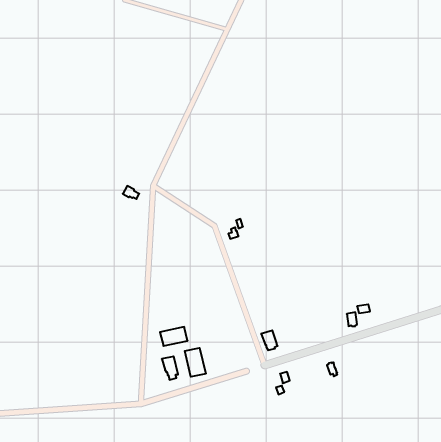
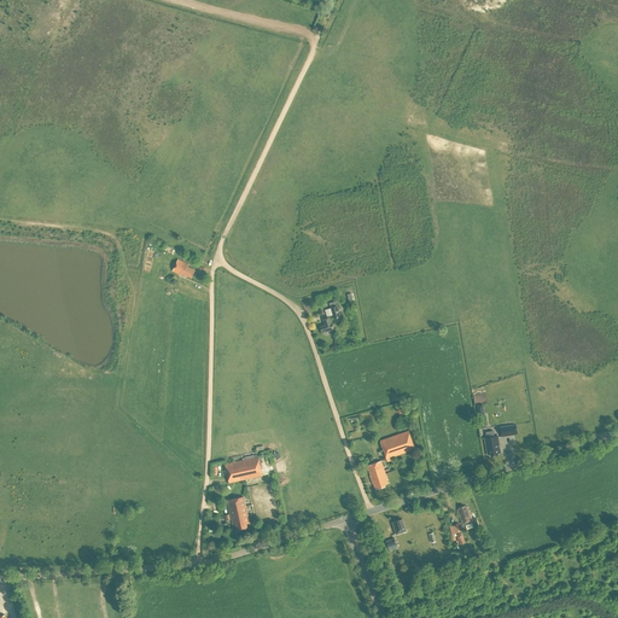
building: none -> [379,431,414,462]
building: [185,348,206,377] -> none

